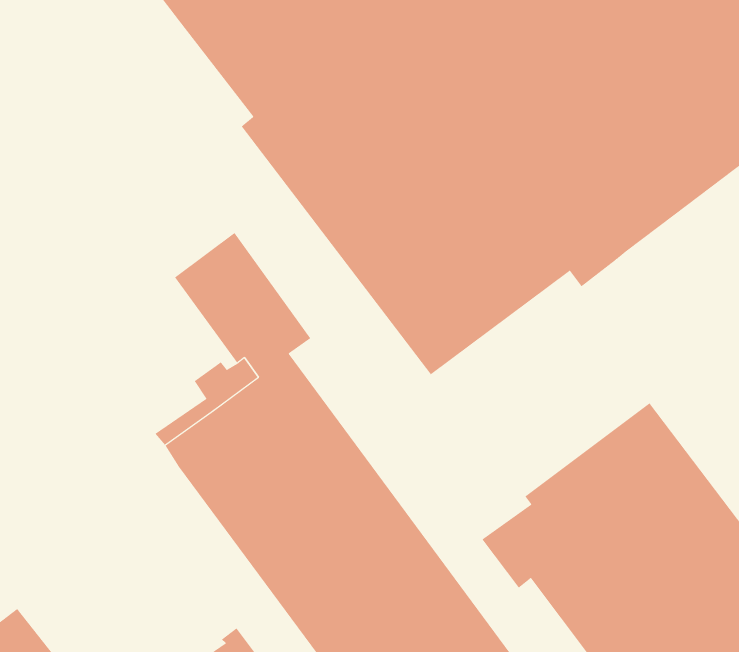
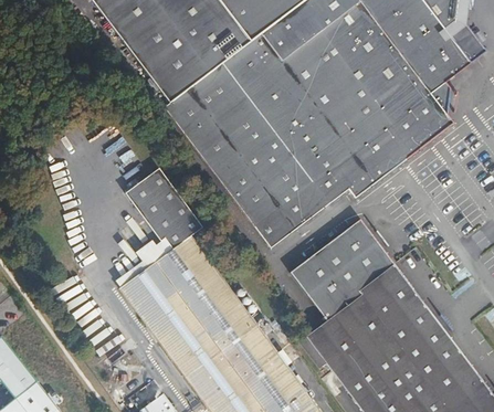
building: none -> [288,219,393,316]

